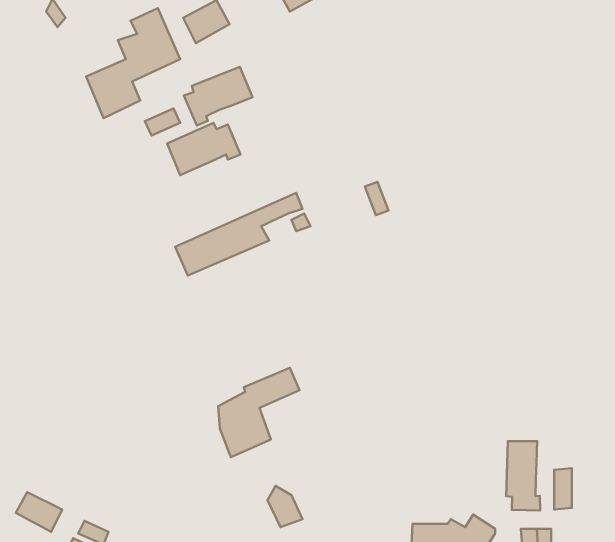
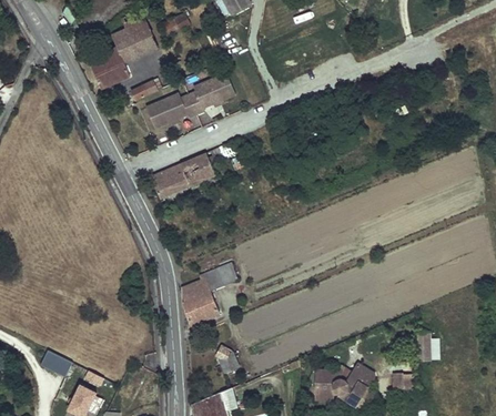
building: [184,67,252,126] -> [189,73,236,114]
building: [506,441,540,511] -> none

